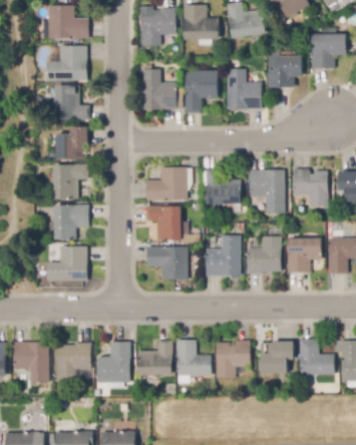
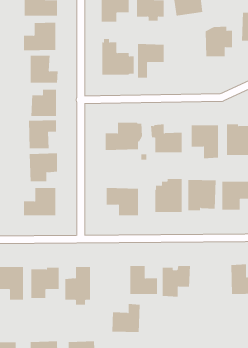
building: [226,68,261,109] -> none
building: [145,205,187,240] -> none
building: [136,340,171,375] -> [111,304,140,333]
building: [260,341,293,373] -> none

